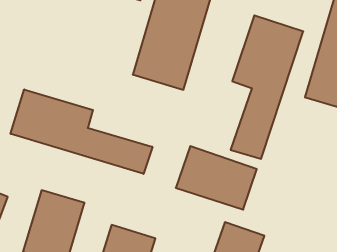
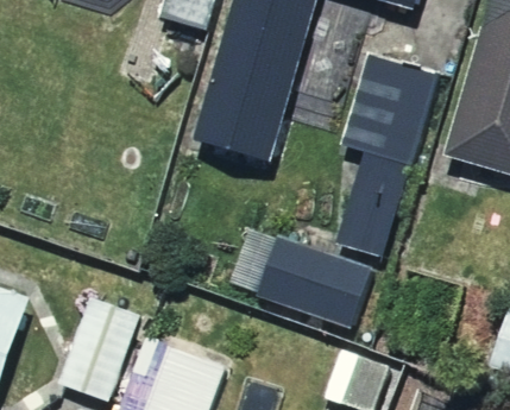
building: [11,89,152,174] -> none

